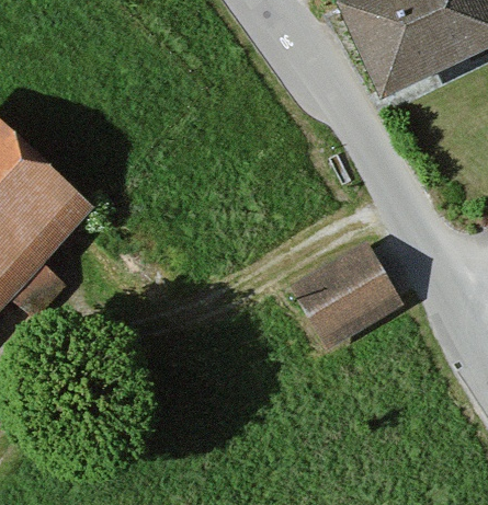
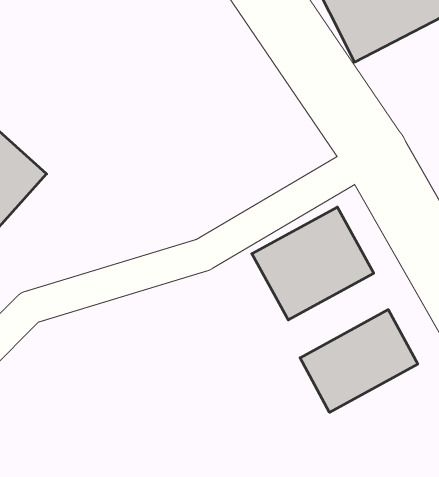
building: none -> [300,310,418,412]

